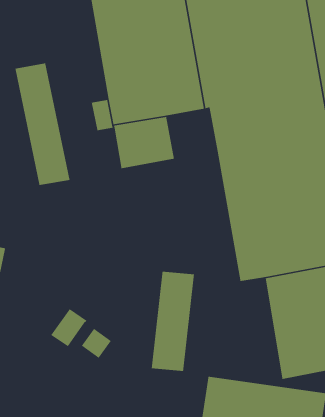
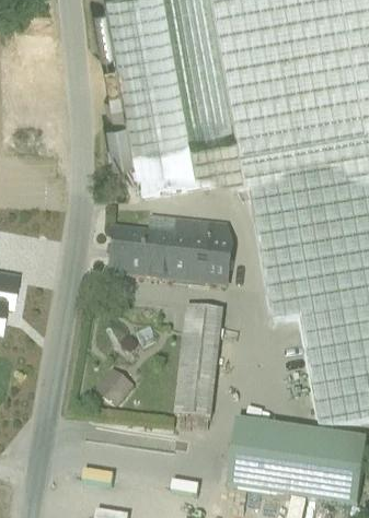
building: [14,63,70,186] -> none
building: none -> [192,131,246,187]
building: none -> [106,219,231,286]
building: [50,308,88,347] -> none

